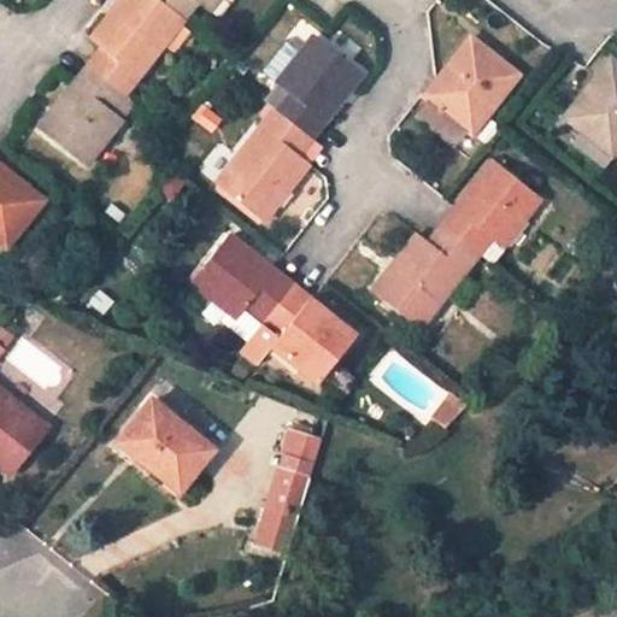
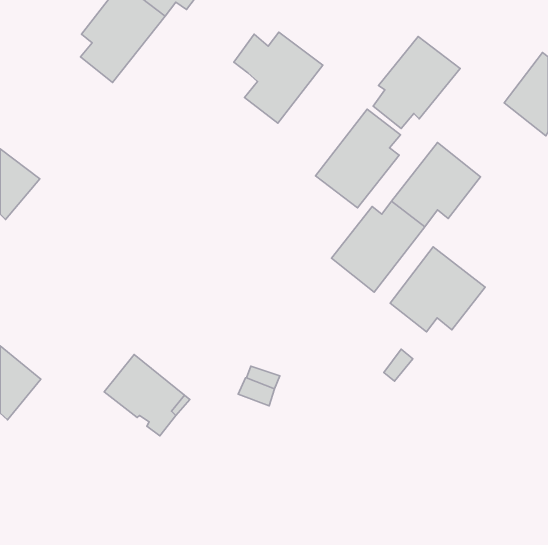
building: [40,64,127,166] -> none
building: [217,110,312,221] -> [316,109,400,208]
building: [192,235,354,382] -> none
building: none -> [390,247,485,332]
building: [254,469,308,552] -> none

